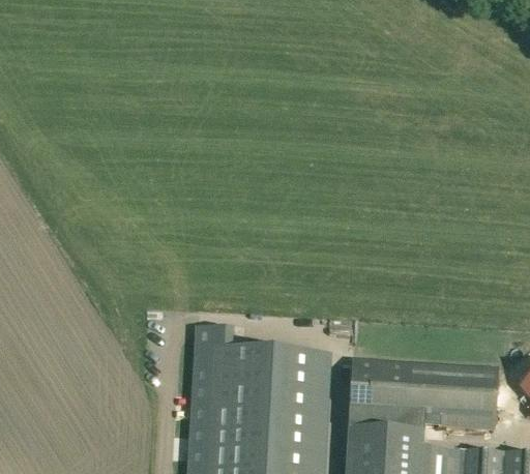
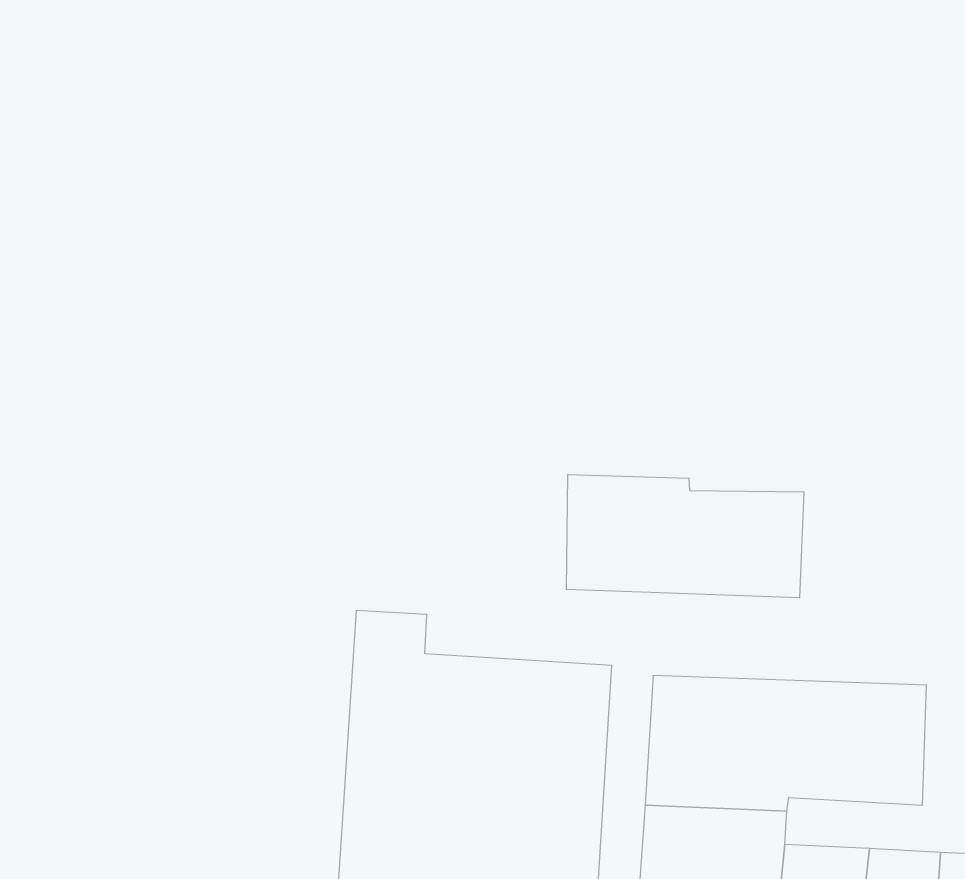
building: none -> [566,474,804,598]

